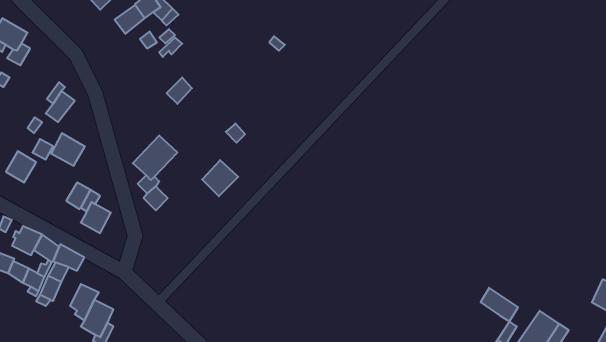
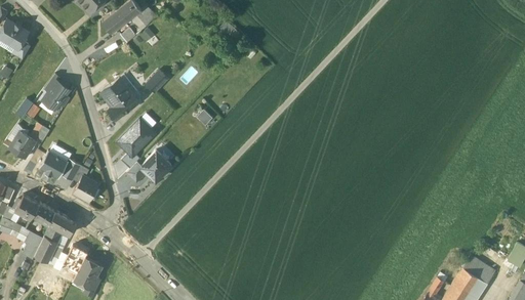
building: none -> [103,78,139,120]
building: [51,133,85,166] -> [40,151,69,178]
building: [202,160,238,196] -> [142,149,172,180]
building: [481,288,518,322] -> [463,255,495,284]

